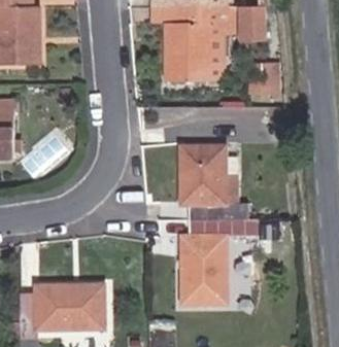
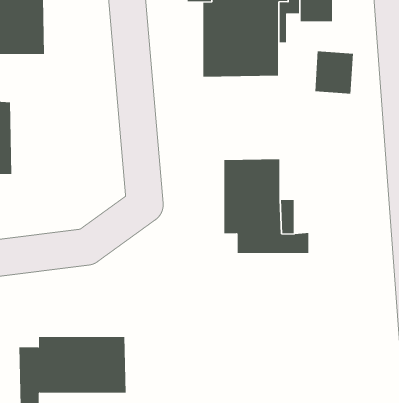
building: [181,219,248,303] -> none

